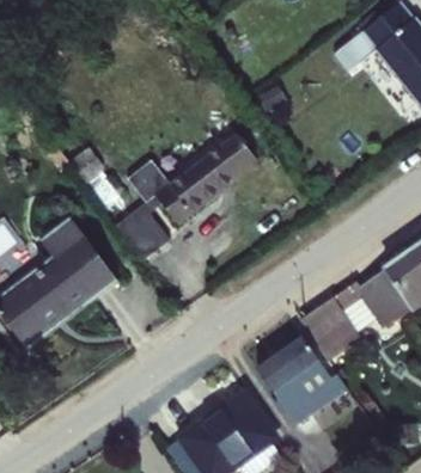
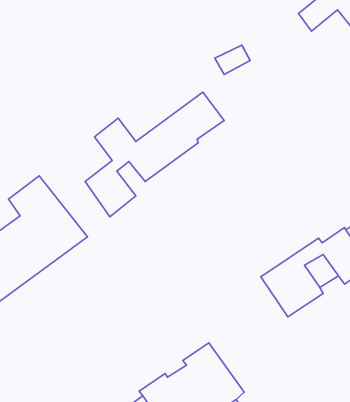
building: [252,337,344,425] -> none

